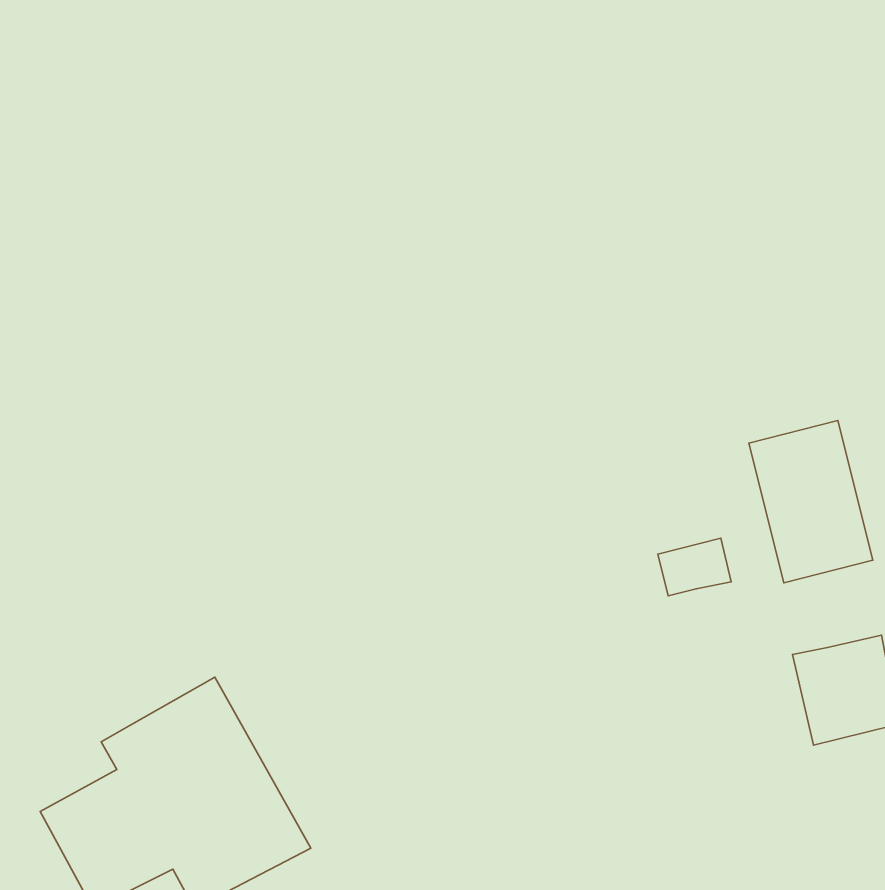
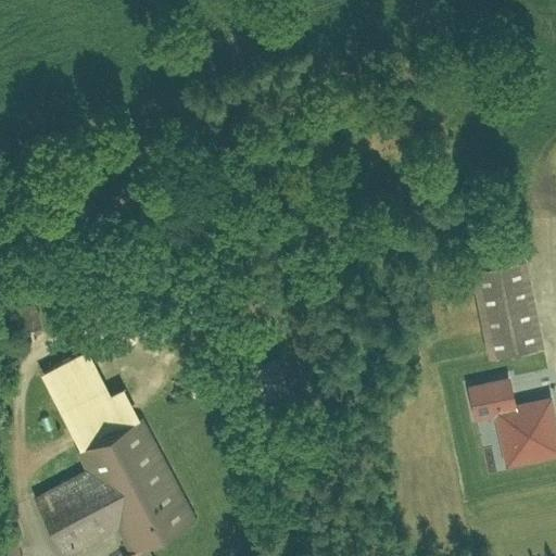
building: [658,538,731,596] -> [473,377,519,413]
building: none -> [42,353,147,453]

